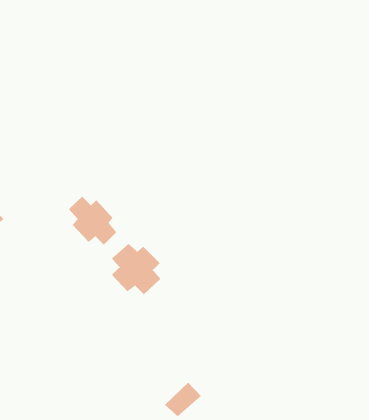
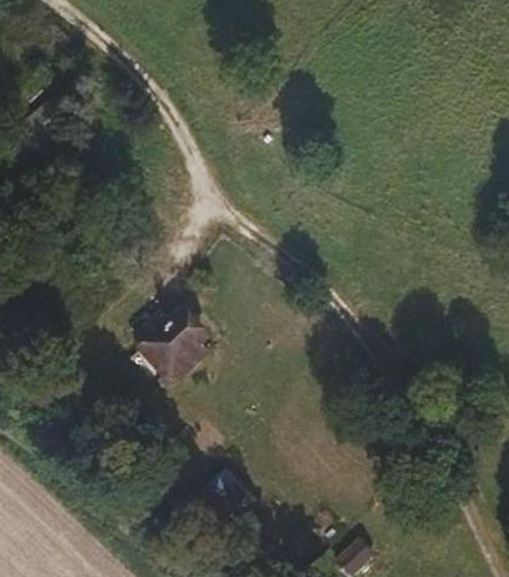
building: [68,196,117,246] -> none

